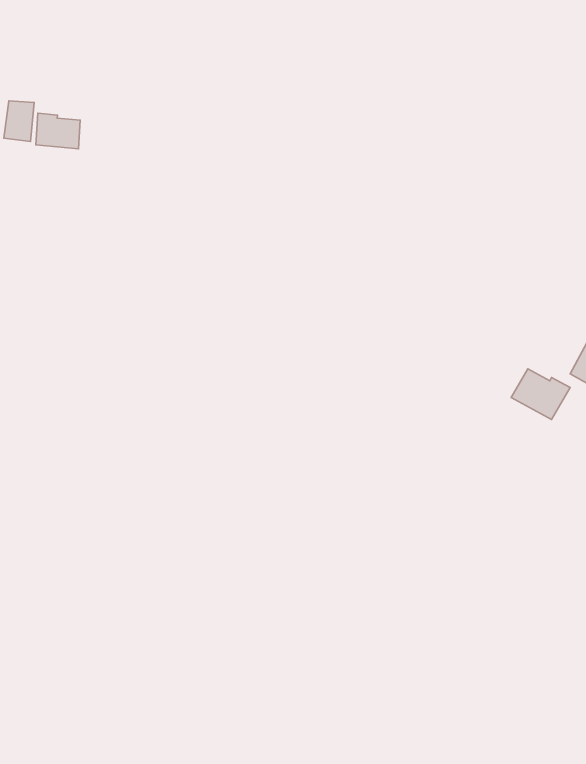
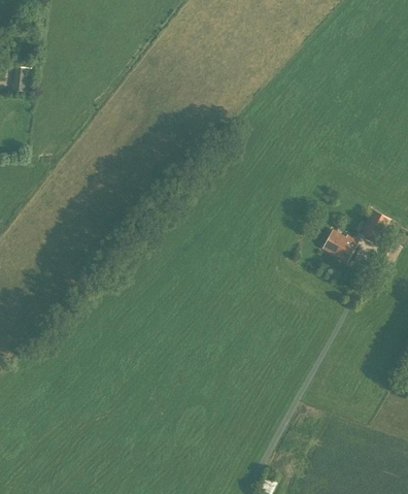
building: [36,113,80,149] -> none

